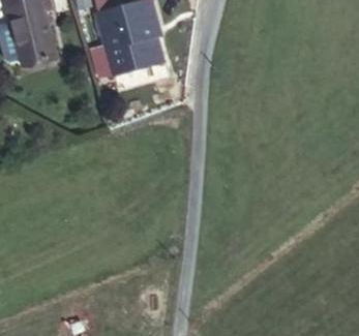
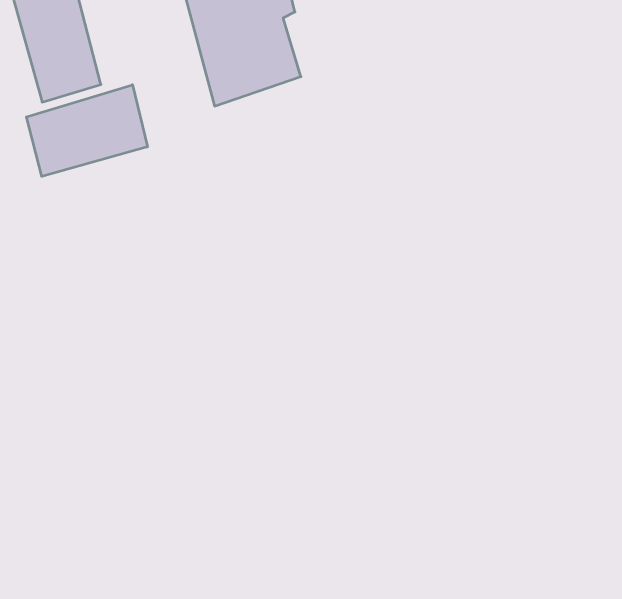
building: none -> [26,85,147,176]

